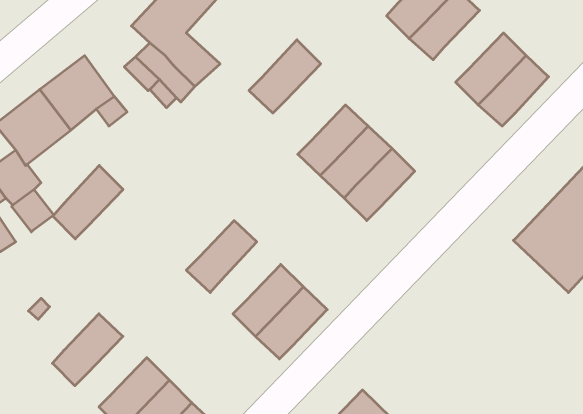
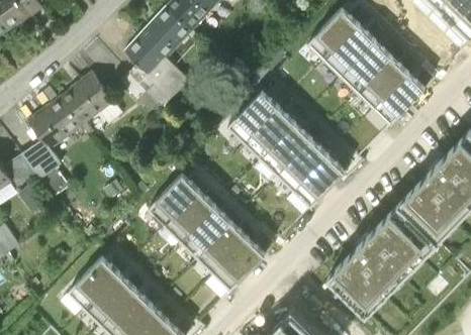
building: none -> [342,39,392,91]
building: [249,40,321,113] -> [227,90,279,142]
building: [53,165,123,239] -> [149,173,199,225]
building: none -> [294,154,346,206]
building: none -> [327,204,439,316]
building: none -> [182,205,232,256]
building: none -> [85,272,136,323]

